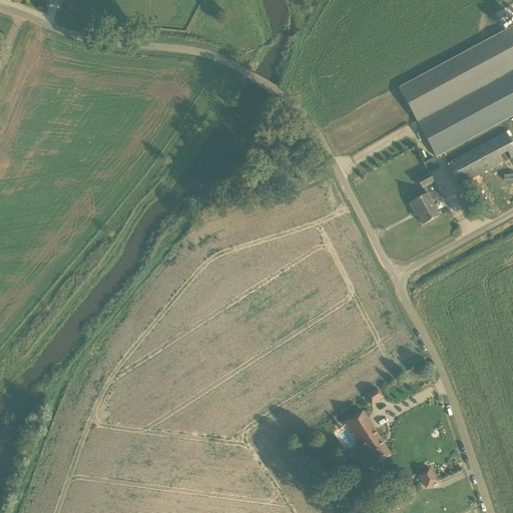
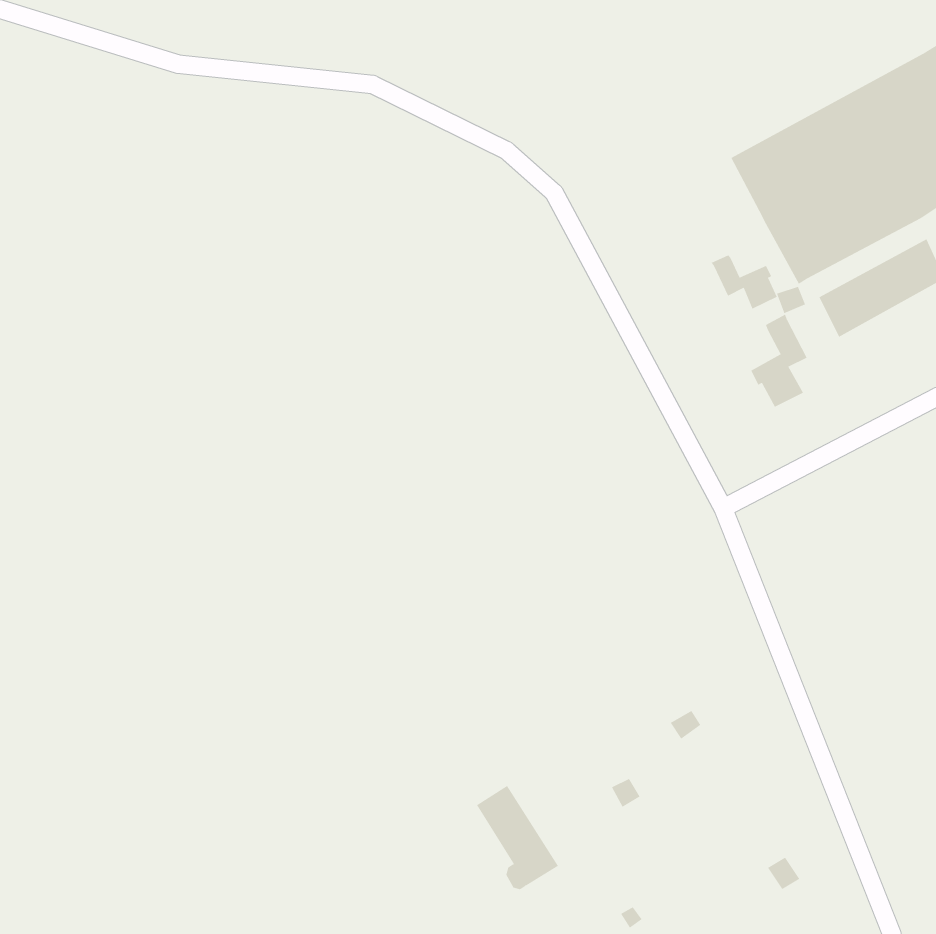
building: none -> [711,254,777,310]
building: [346,409,391,466] -> [476,785,559,890]

